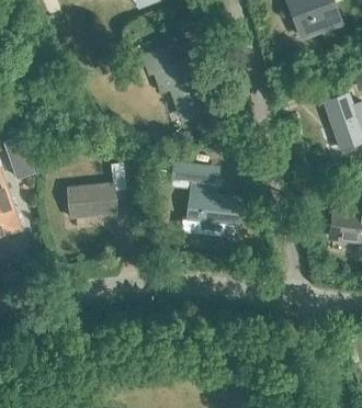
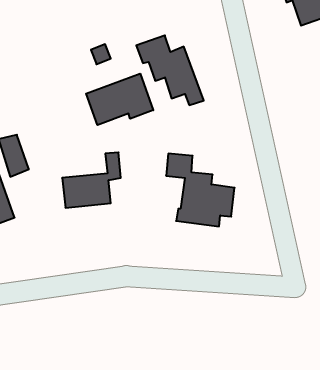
building: none -> [86,74,153,125]

